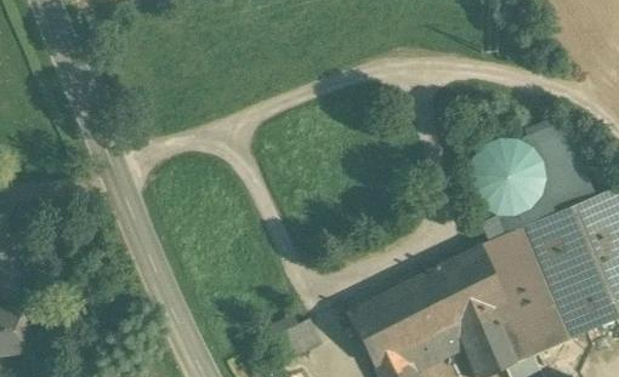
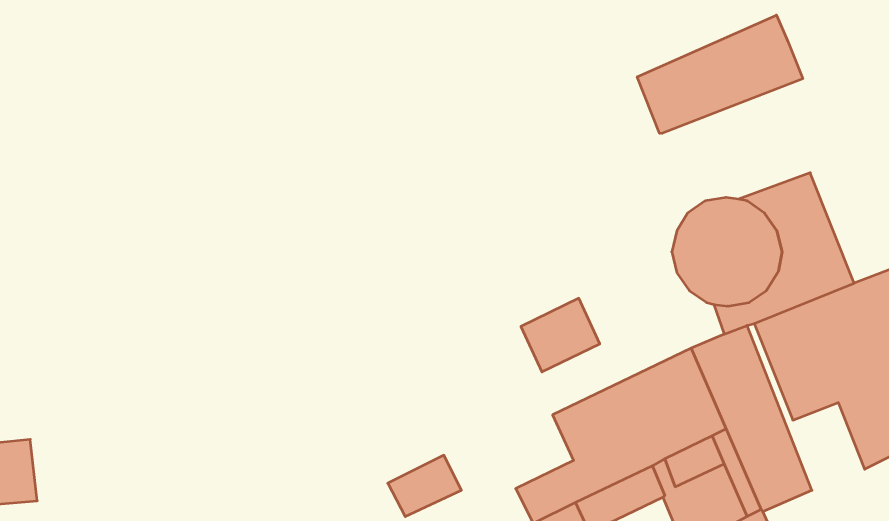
building: none -> [637,15,803,133]
building: [552,282,602,341] -> none
building: [346,291,401,342] -> [521,298,600,372]

